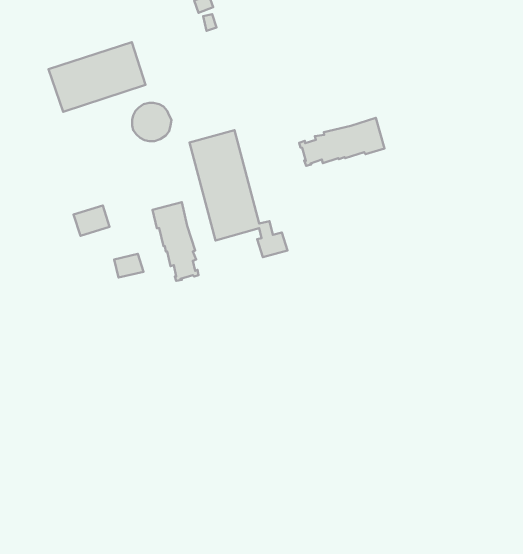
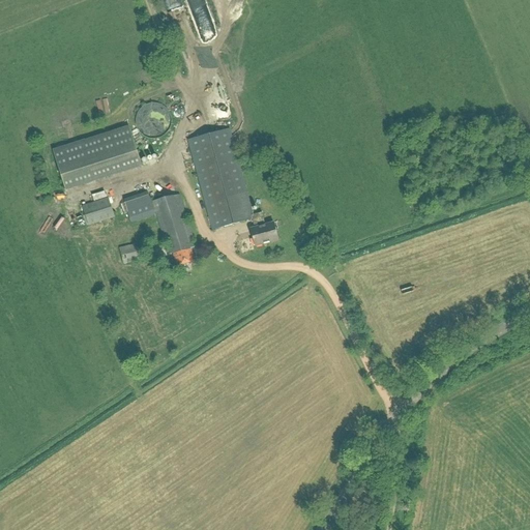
building: [49,42,145,112] -> [52,123,141,187]
building: [299,118,384,166] -> none
building: none -> [123,189,154,220]

